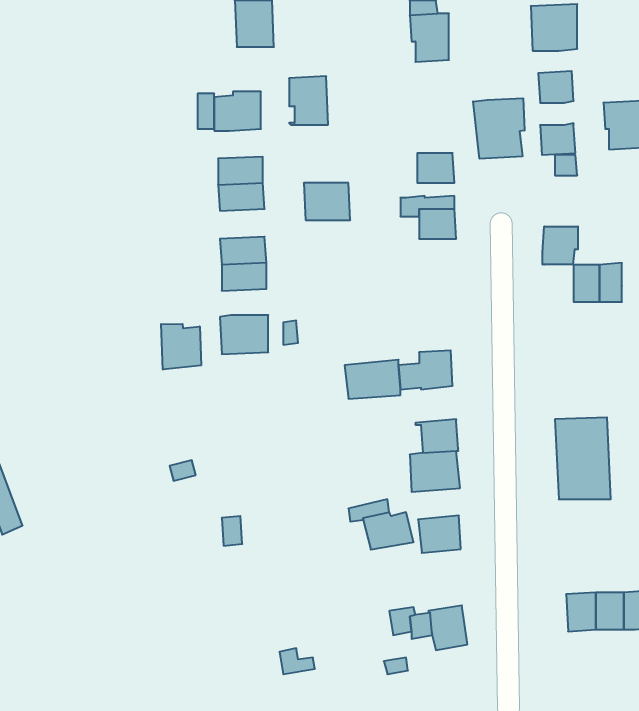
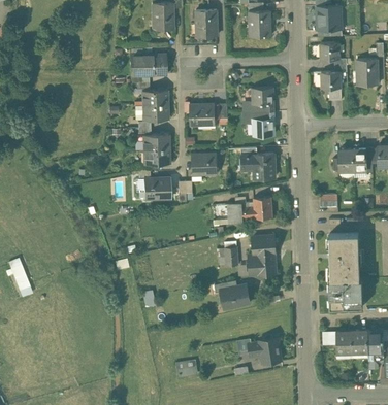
building: [289,76,328,125] -> [196,9,218,36]
building: [473,98,524,159] -> none
building: [543,226,578,265] -> none
building: none -> [192,153,217,180]
building: none -> [241,154,274,179]
building: [161,324,201,370] -> none
building: none -> [329,279,362,308]
building: [418,516,461,553] -> [219,245,242,266]

